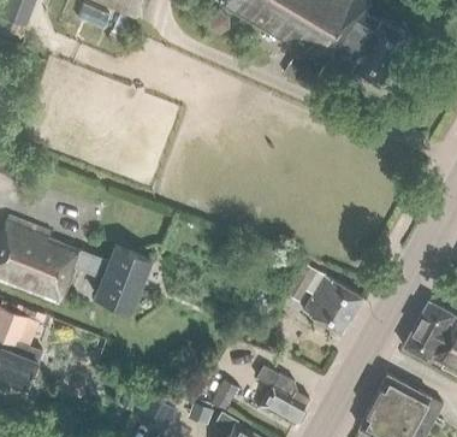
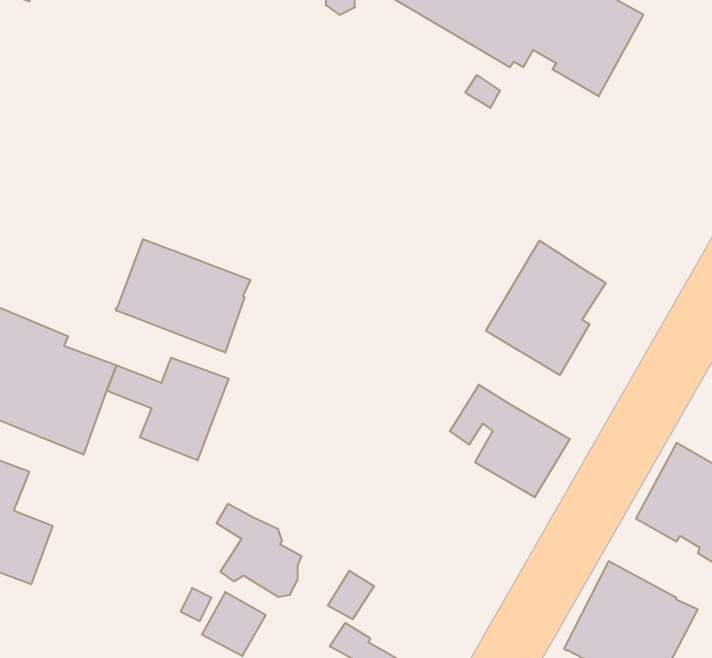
building: none -> [116,239,250,353]
building: none -> [486,241,606,375]
building: [256,365,309,423] -> [216,504,302,597]

